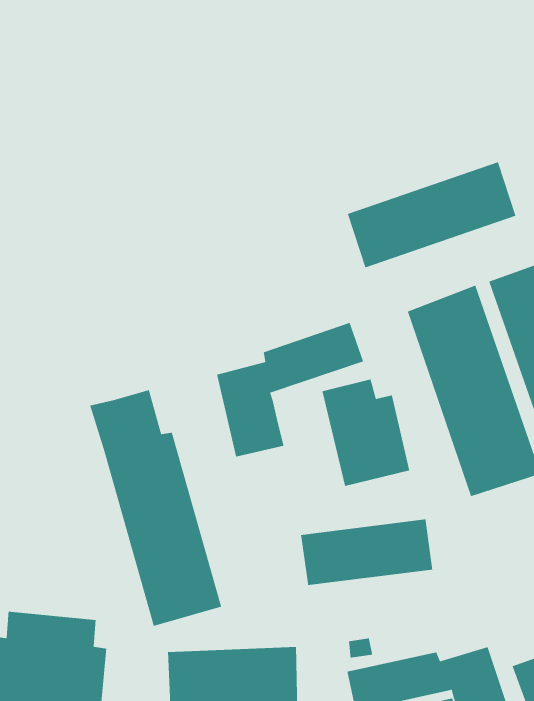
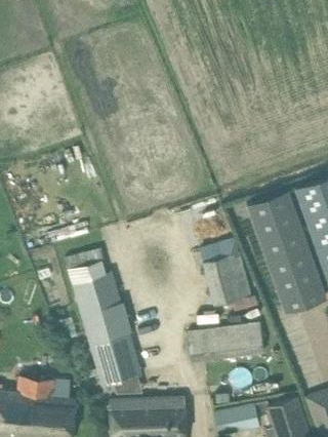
building: [347,161,517,269] -> none
building: [216,322,364,457] -> none

